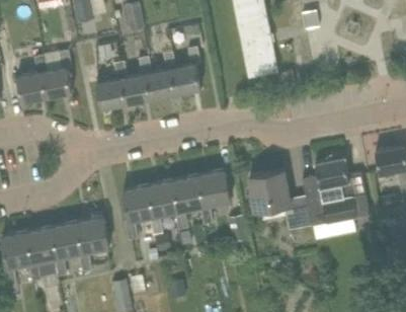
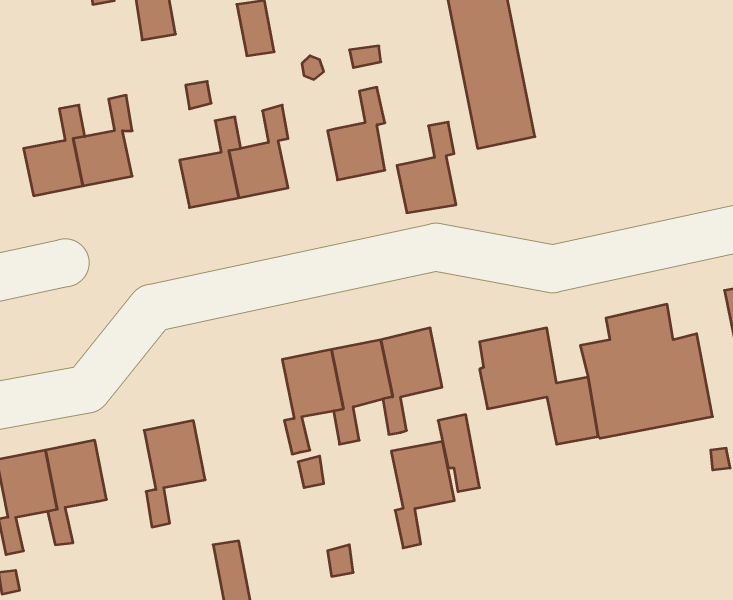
building: [147,52,177,98] -> [397,122,456,213]
building: [123,186,155,241] -> [391,441,454,548]
building: [53,223,84,277] -> none

